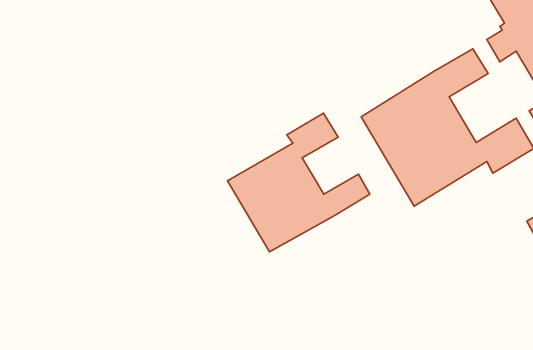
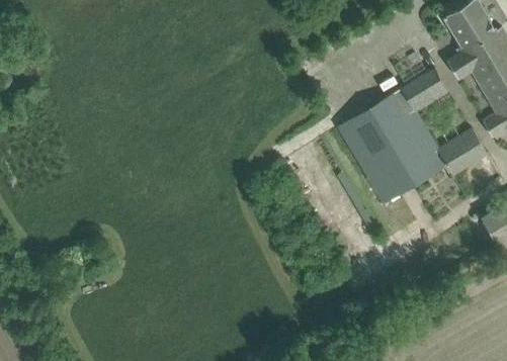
building: [227,113,370,252] -> none

